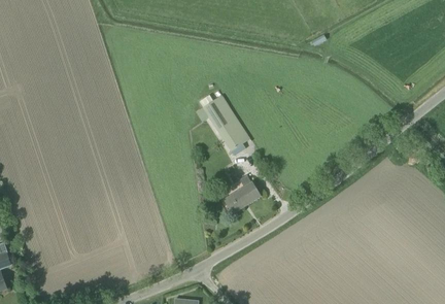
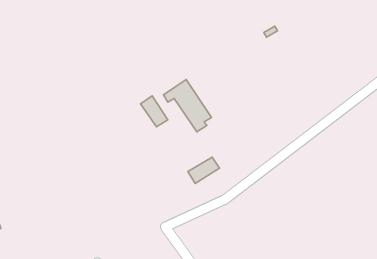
building: none -> [140,96,168,127]

